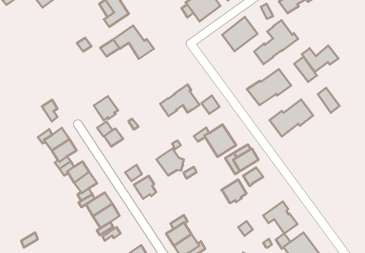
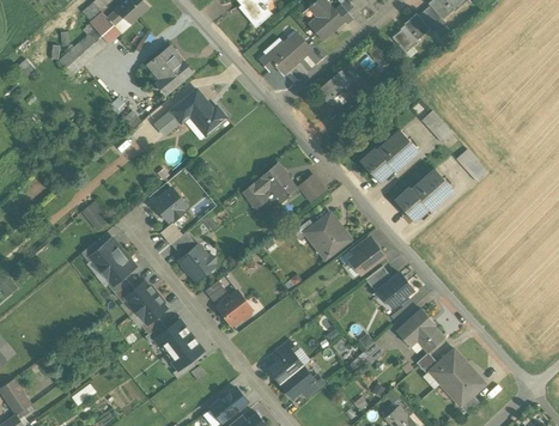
building: [254,20,298,64] -> none
building: [302,46,338,72] -> none
building: [157,149,184,175] -> [177,244,214,281]
building: [221,179,247,203] -> [377,273,412,306]

